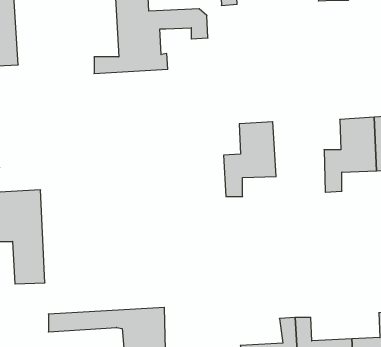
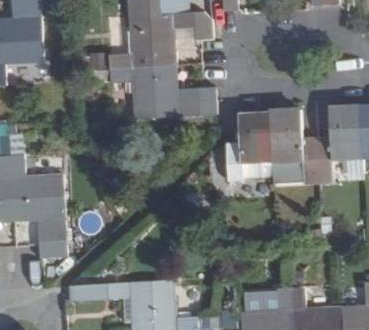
building: none -> [110,66,216,119]
building: none -> [270,112,317,176]

